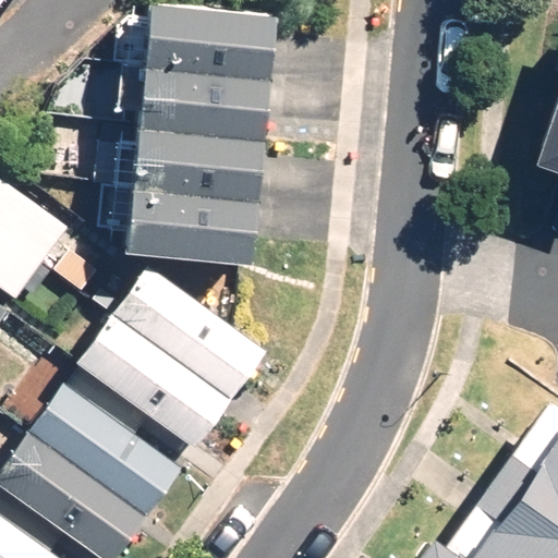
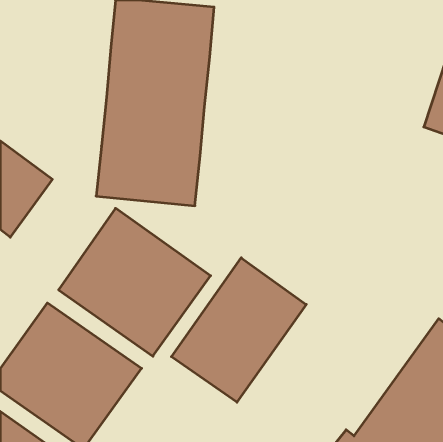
building: none -> [171,258,306,402]

